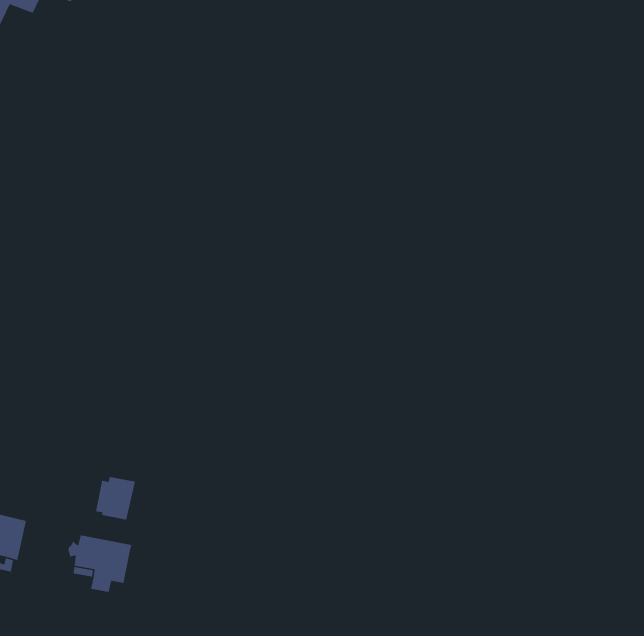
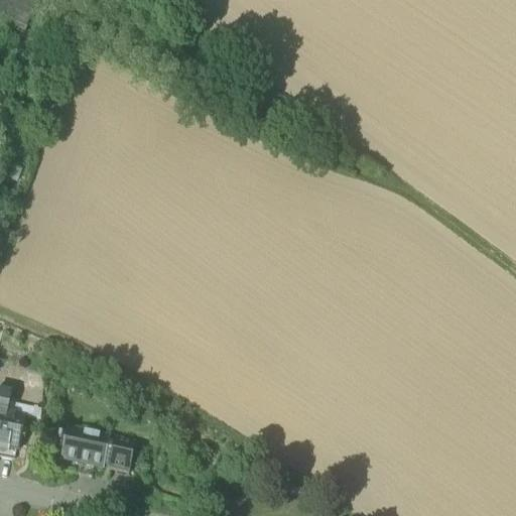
building: [95,476,136,521] -> [99,433,131,469]

